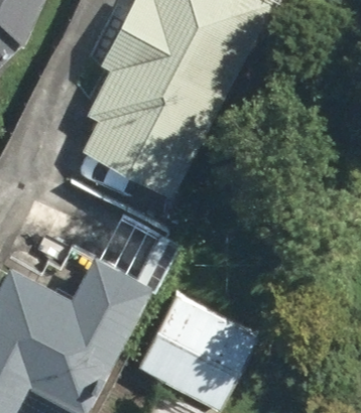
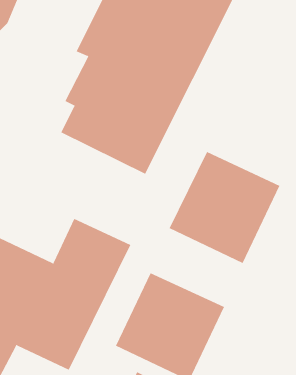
building: none -> [169,151,280,264]

